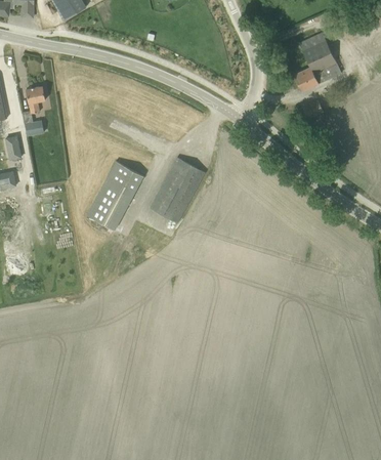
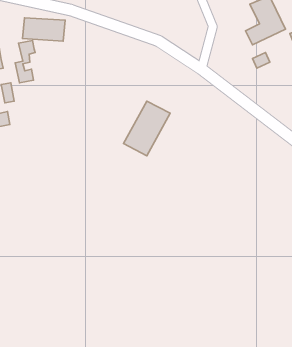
building: none -> [23,18,65,41]
building: [86,160,143,229] -> none

